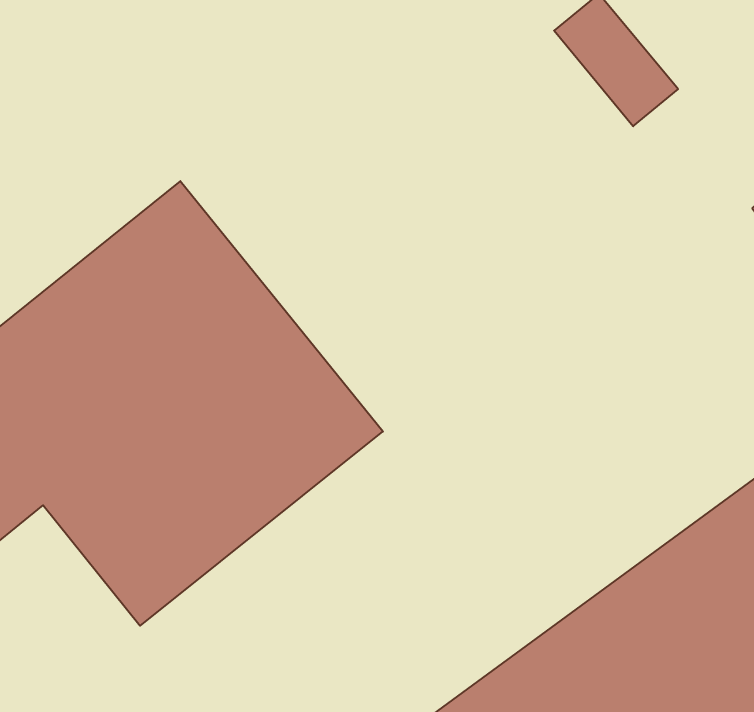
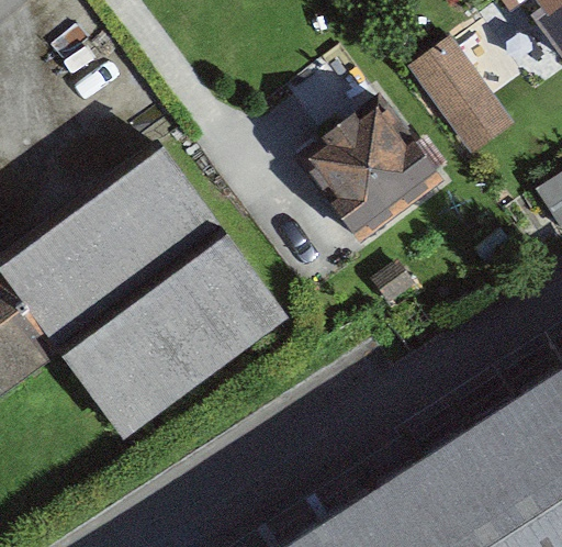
building: none -> [305,101,443,238]

